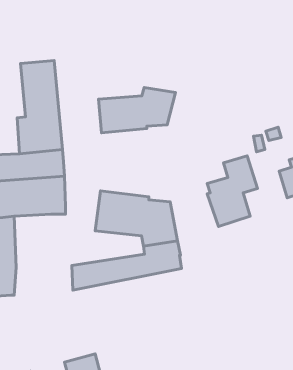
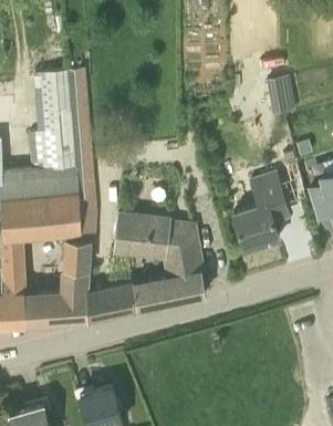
building: none -> [267,77,295,114]
building: [98,87,176,133] -> none
building: none -> [25,239,91,324]

